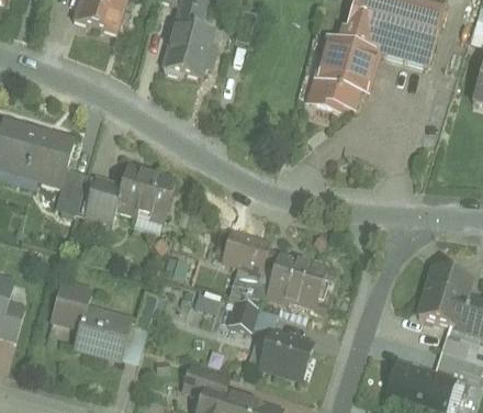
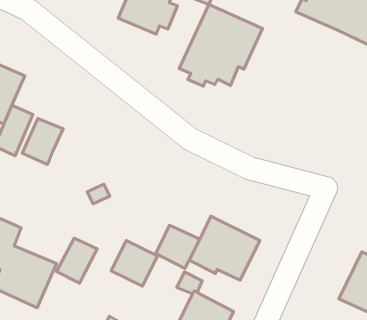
building: [303,34,380,115] -> [179,5,263,86]
building: [113,163,175,221] -> none
building: [221,226,278,275] -> none
building: [228,301,259,332] -> none

